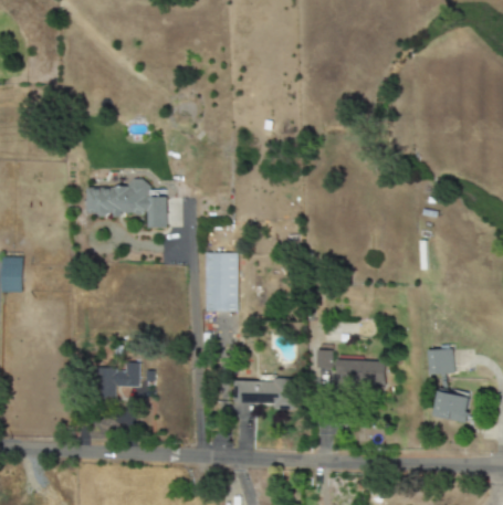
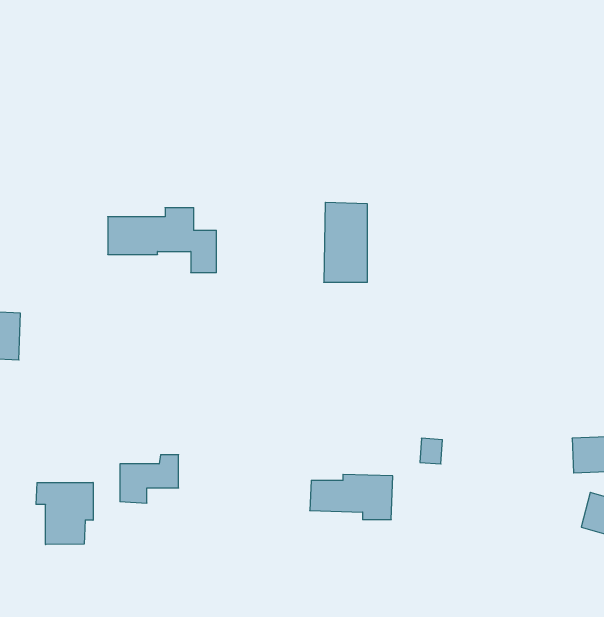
building: [206,252,238,311] -> [324,202,367,282]
building: [336,359,386,387] -> none
building: none -> [36,482,93,545]

